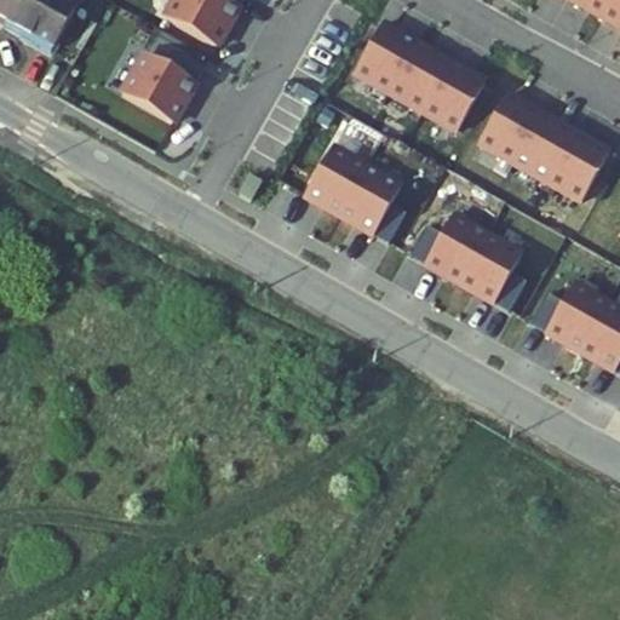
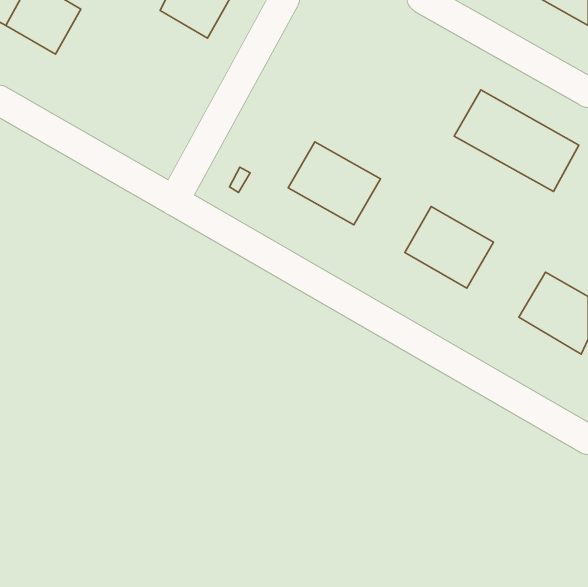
building: [354,24,484,131] -> none
building: [125,46,197,116] -> none

